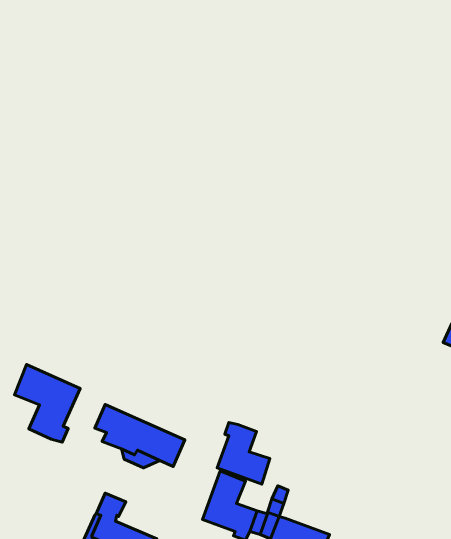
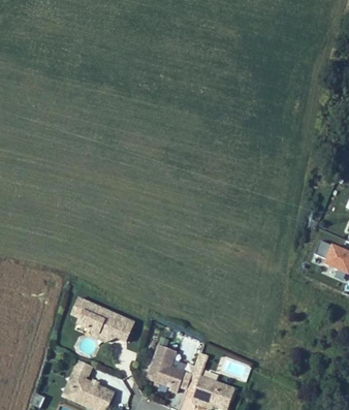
building: [15,365,80,442] -> none
building: [217,423,270,484] -> none

